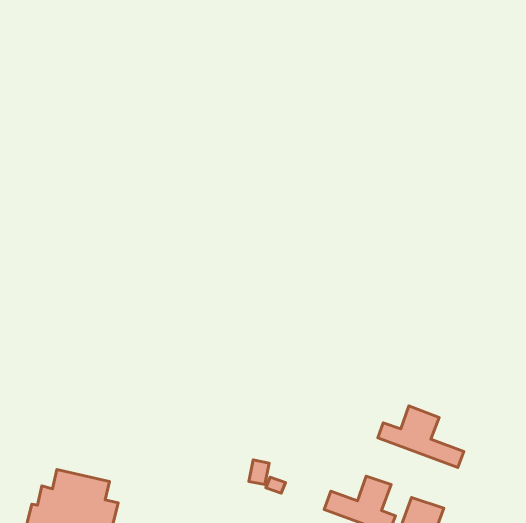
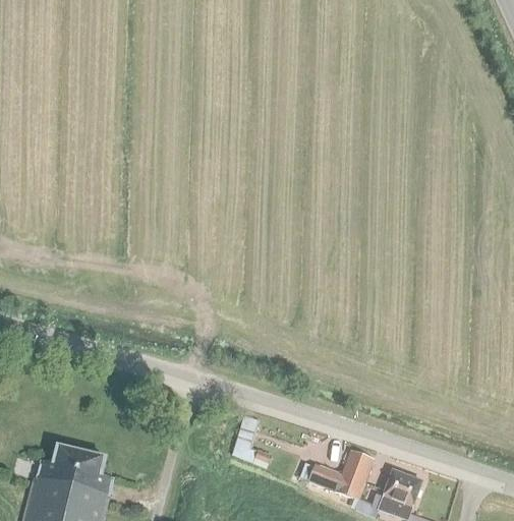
building: [378,406,464,467] -> none

